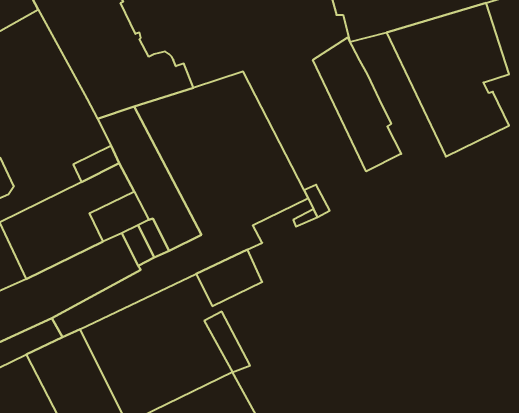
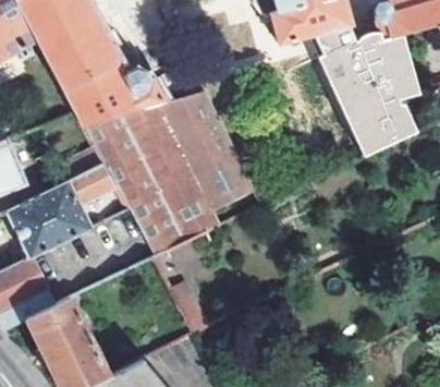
building: [313,37,401,171] -> none

